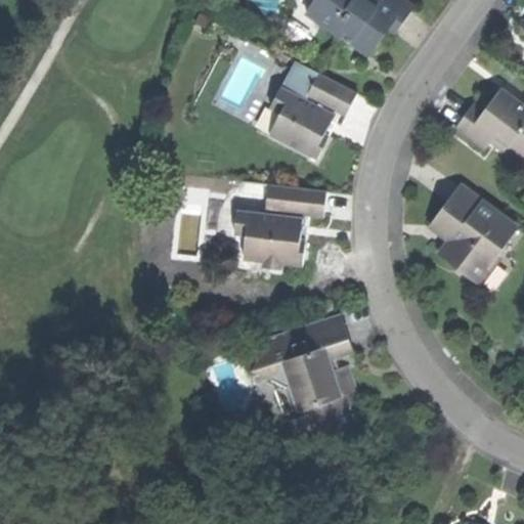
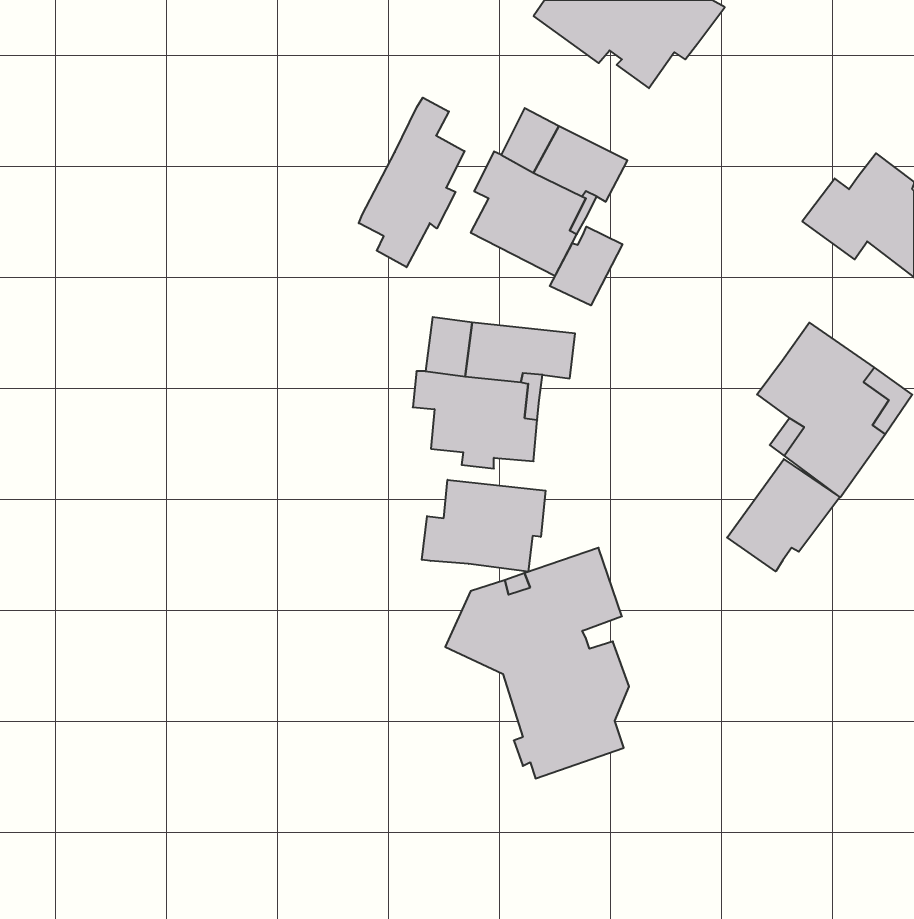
building: none -> [359,98,465,267]
building: none -> [550,227,622,305]
building: none -> [727,459,840,571]
building: none -> [422,480,546,572]

